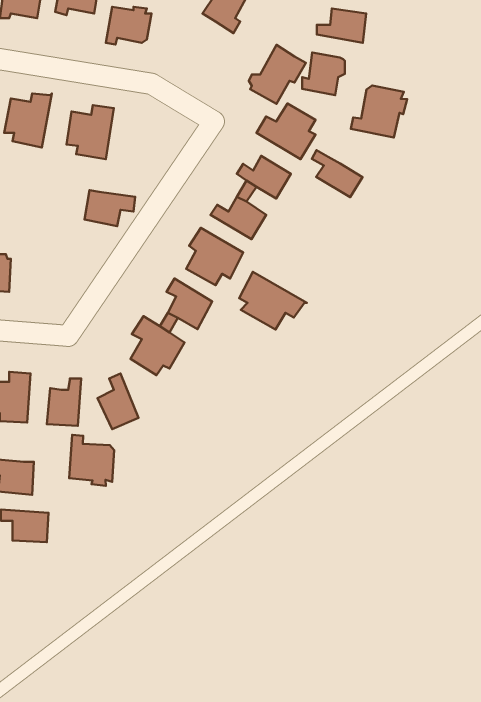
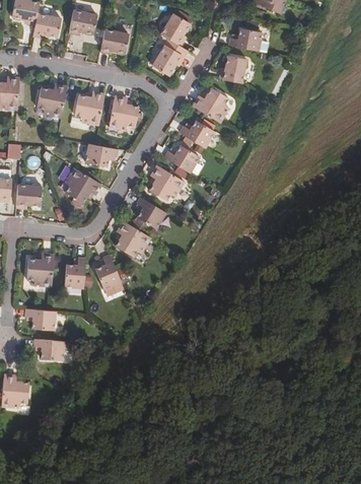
building: [249,45,306,104] -> [150,38,186,74]
building: [351,86,407,138] -> none
building: none -> [109,93,138,127]
building: [312,150,362,197] -> none
building: none -> [65,167,99,201]
building: [239,272,307,330] -> none
building: [69,435,114,486] -> none

